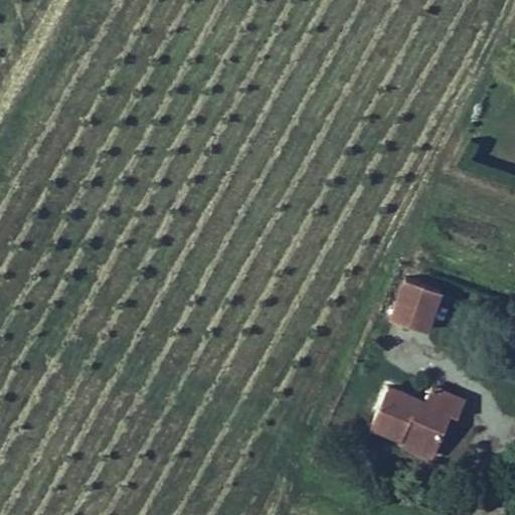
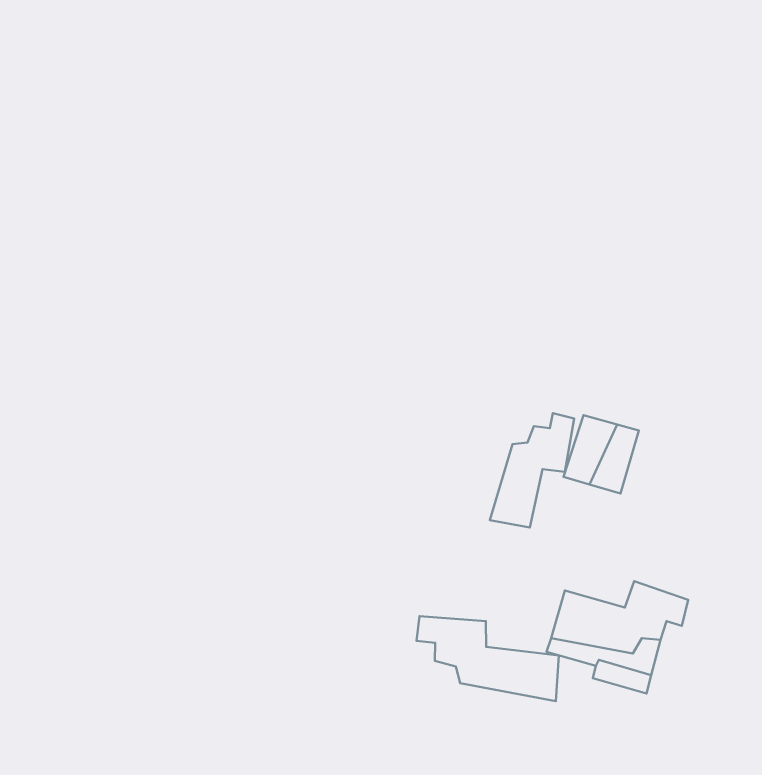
building: none -> [490,413,574,527]
building: none -> [416,616,559,701]

